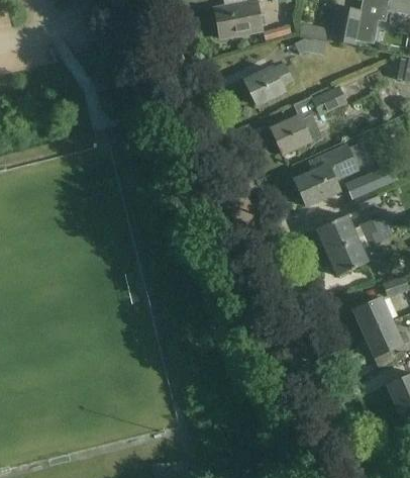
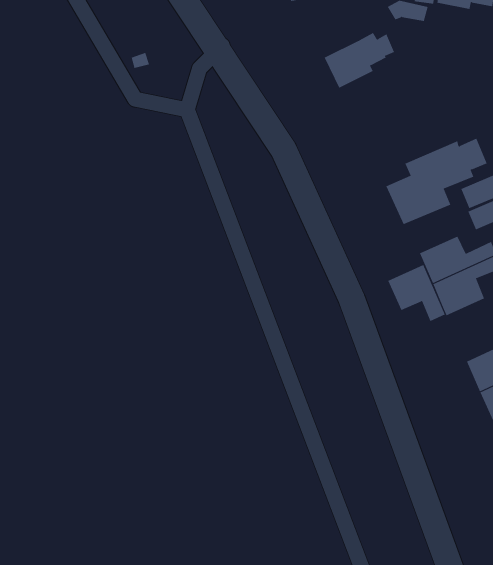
building: [312,86,347,116] -> none
building: [273,114,322,153] -> none
building: none -> [388,264,445,322]

